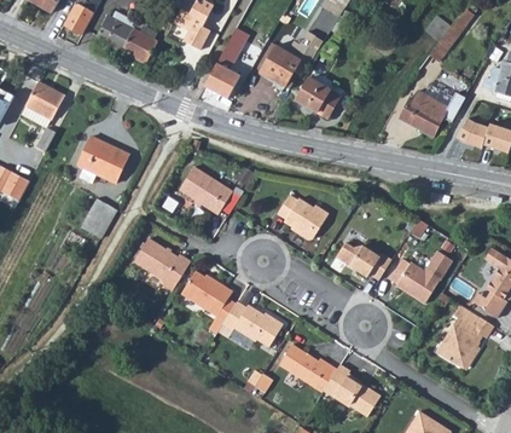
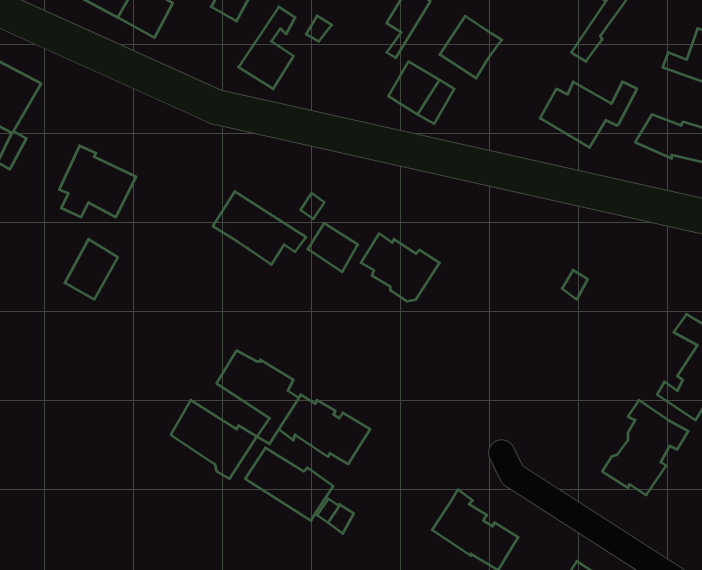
building: [263,45,304,86] -> [440,16,502,78]
building: none -> [308,223,358,272]
building: [135,237,192,289] -> [171,400,257,479]
building: [337,242,393,279] -> none
building: [390,250,453,302] -> none
building: [280,343,338,392] -> [245,448,333,521]

